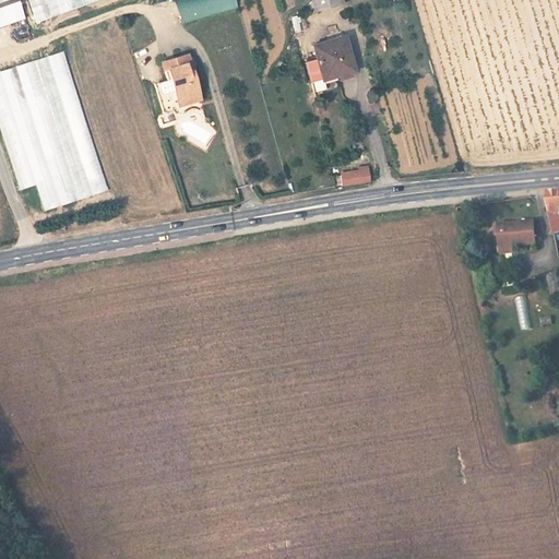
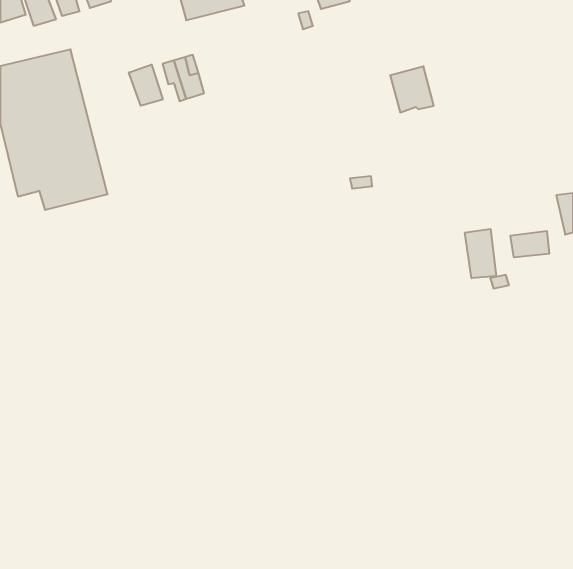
building: [311,34,354,79] -> [390,66,434,112]
building: none -> [129,65,163,106]
building: none -> [465,229,496,278]

